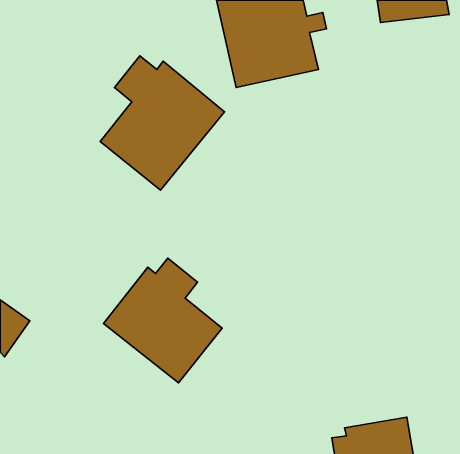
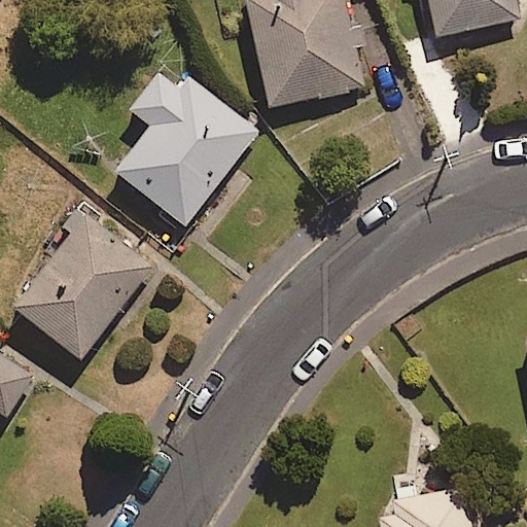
building: none -> [11,207,156,357]
building: [104,258,222,383] -> none

